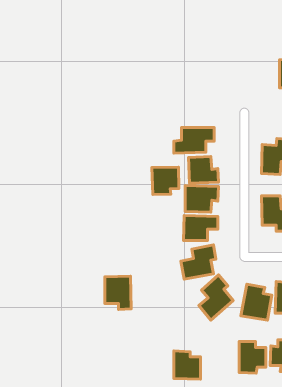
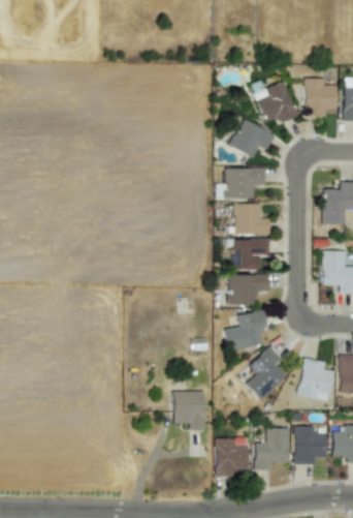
building: none -> [304,78,338,116]
building: none -> [257,81,298,123]
building: none -> [230,119,275,157]
building: [152,167,179,195] -> none
building: [105,276,131,310] -> [173,390,205,430]
building: none -> [256,427,290,469]

